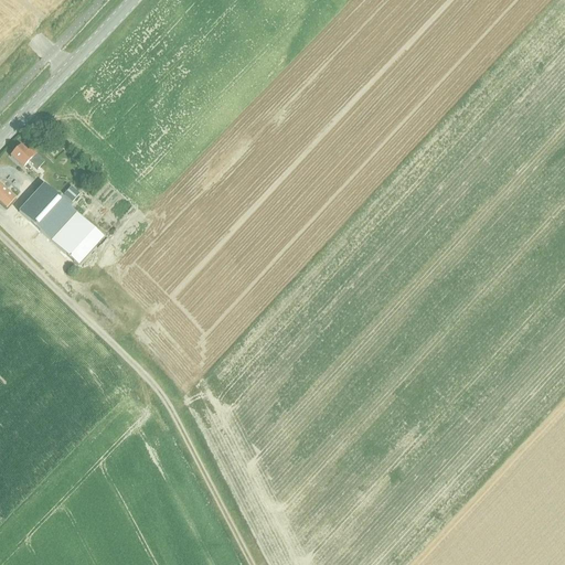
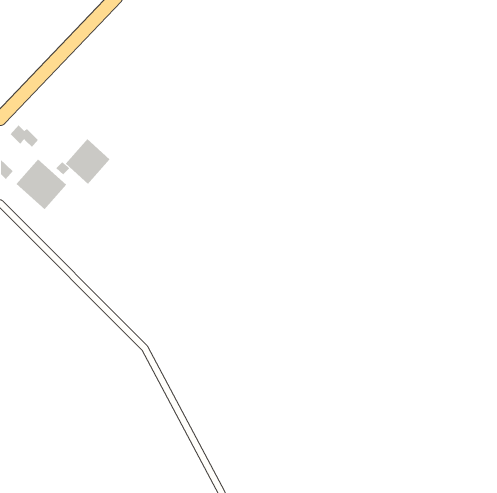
building: [51,210,103,263] -> [65,138,111,185]

